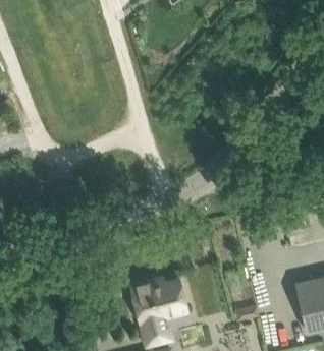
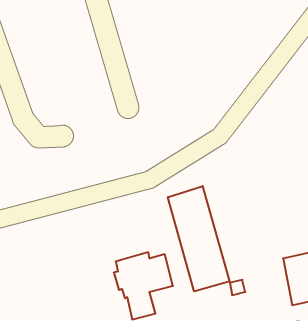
building: none -> [168,186,229,291]

